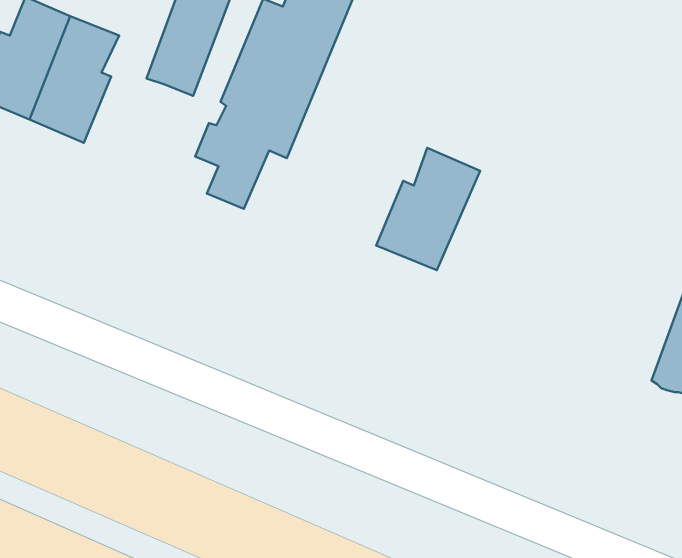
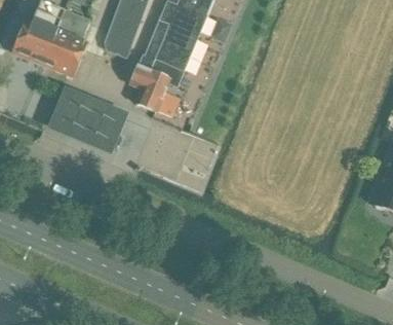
building: [376,148,480,270] -> none
building: none -> [48,87,129,156]

